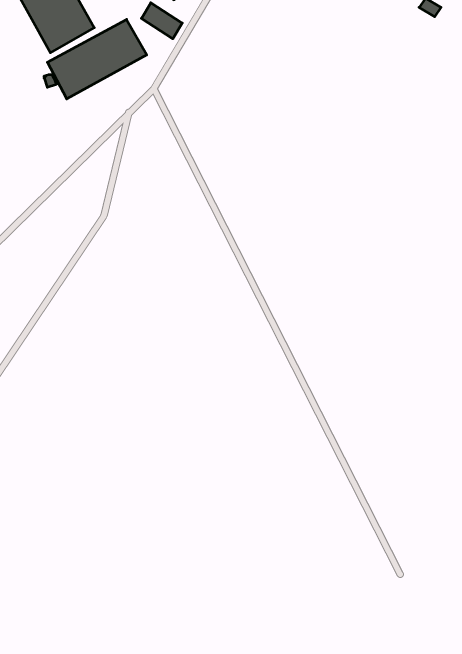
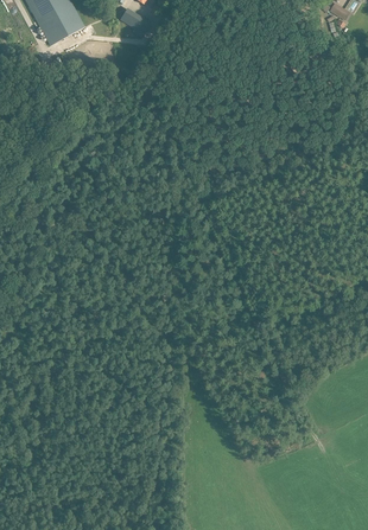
building: [47,19,147,99] -> none

